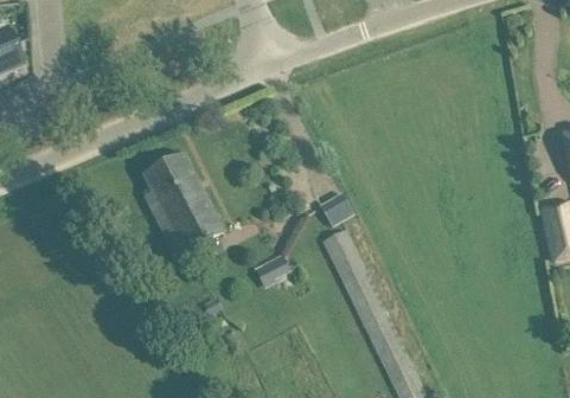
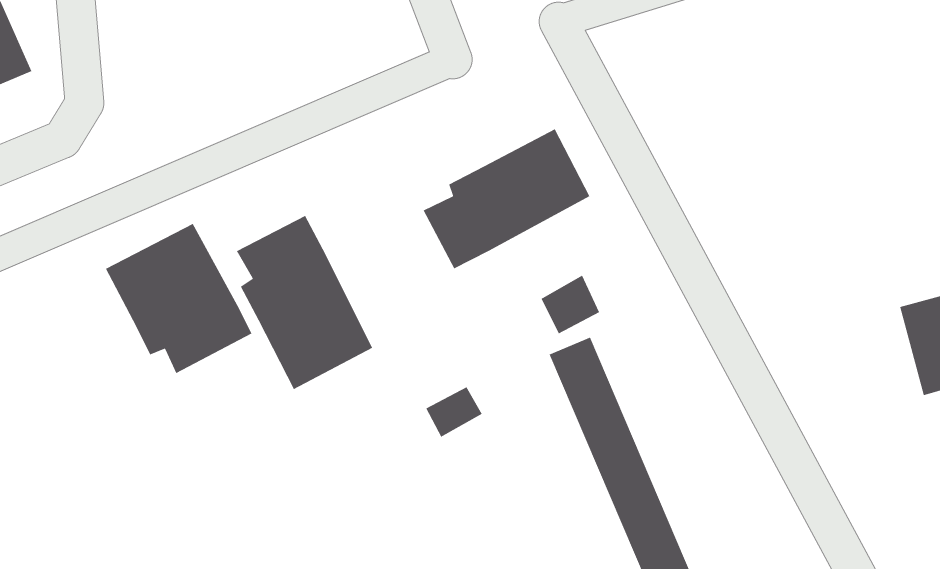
building: none -> [422,128,591,270]
building: none -> [105,223,253,374]

